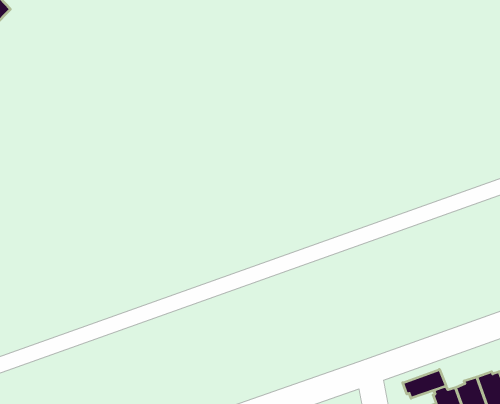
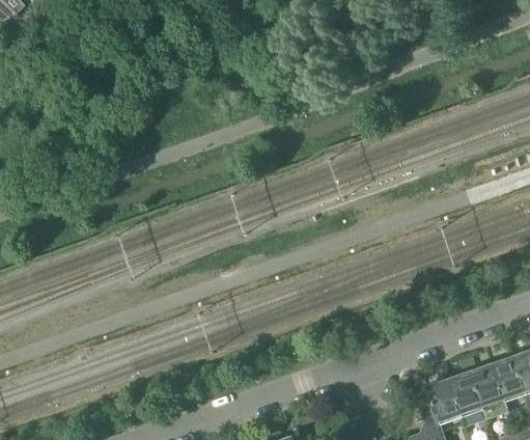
building: [403,369,446,398] -> none

